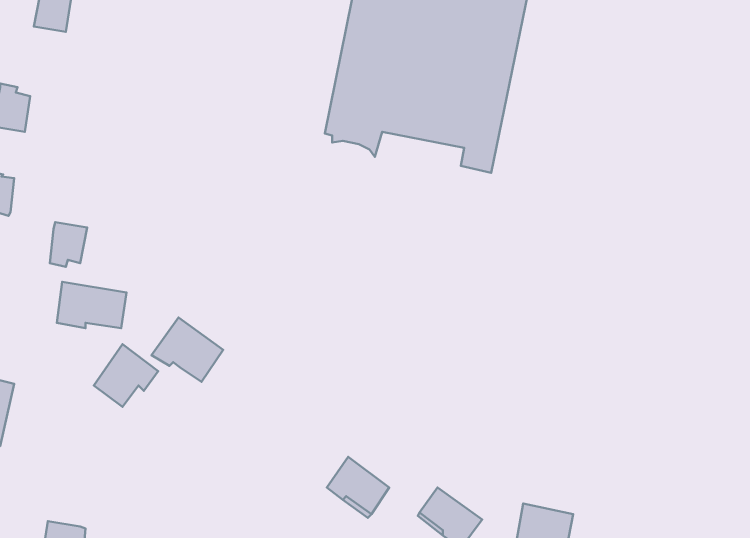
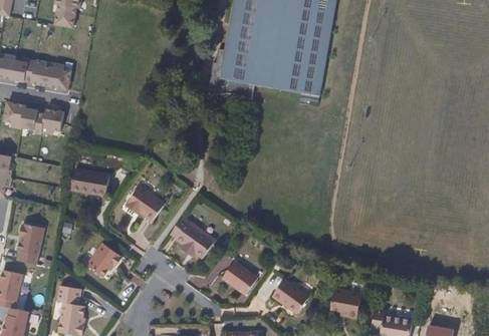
building: none -> [51,59,73,85]
building: [50,222,87,267] -> [43,104,64,129]
building: [94,344,158,407] -> [84,241,120,276]
building: none -> [168,218,210,260]
building: none -> [58,285,84,304]

